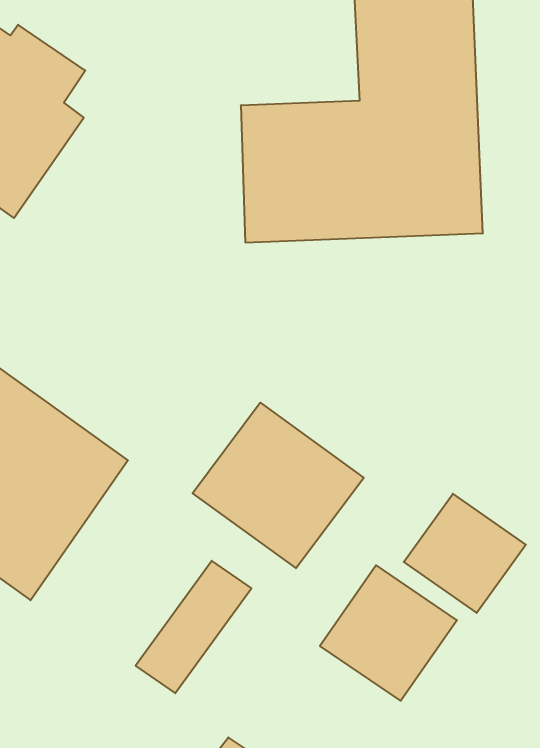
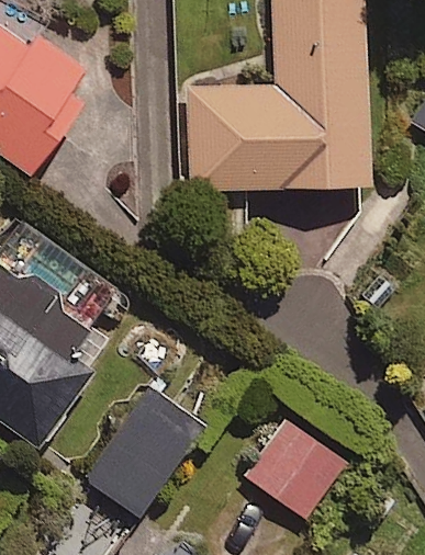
building: [193,403,364,568] -> none
building: [404,494,526,613] -> none

